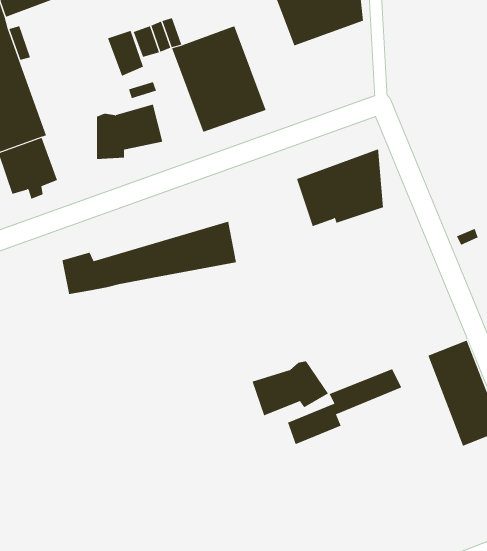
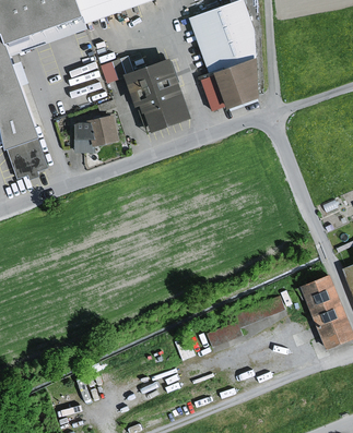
building: [296,149,384,227] -> [200,58,260,111]
building: [62,221,237,295] -> none
building: [252,360,329,416] -> none

